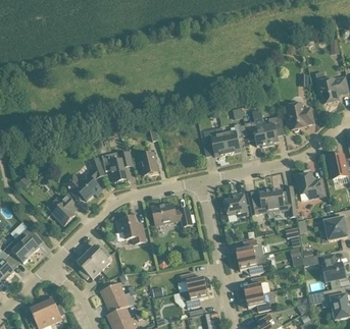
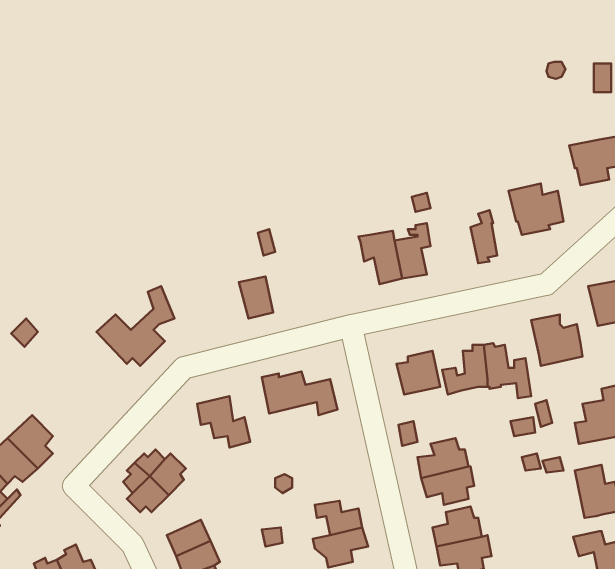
building: [244,120,267,146] -> none
building: [102,151,133,181] -> none
building: [51,194,78,225] -> none

